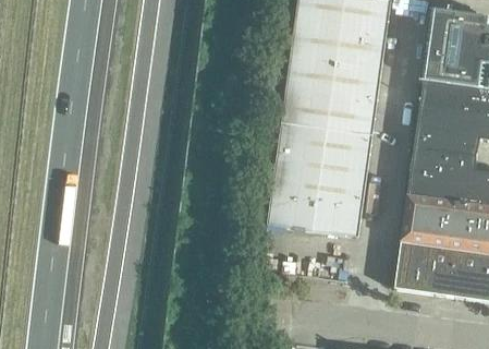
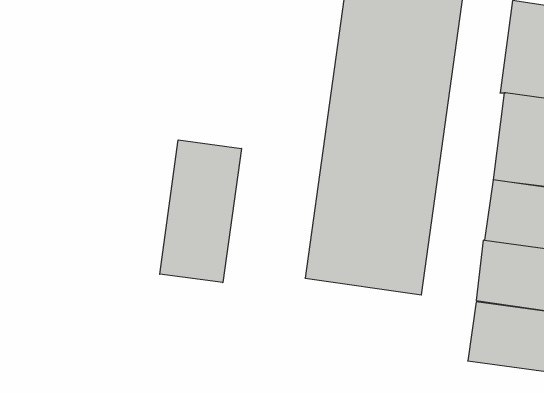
building: none -> [160,140,241,283]

